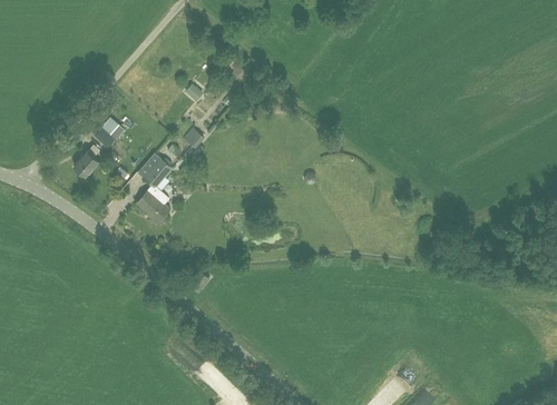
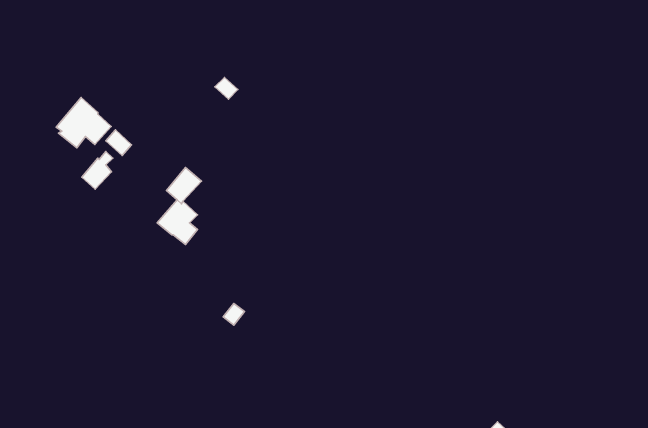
building: none -> [56,98,111,148]

